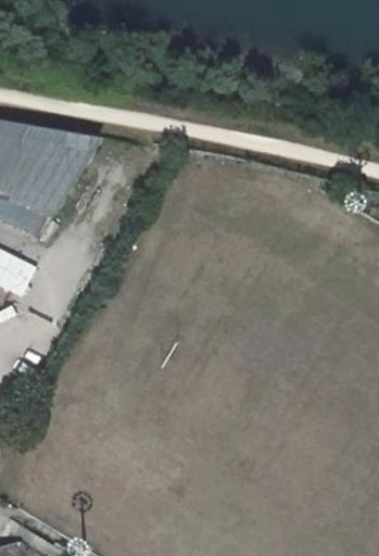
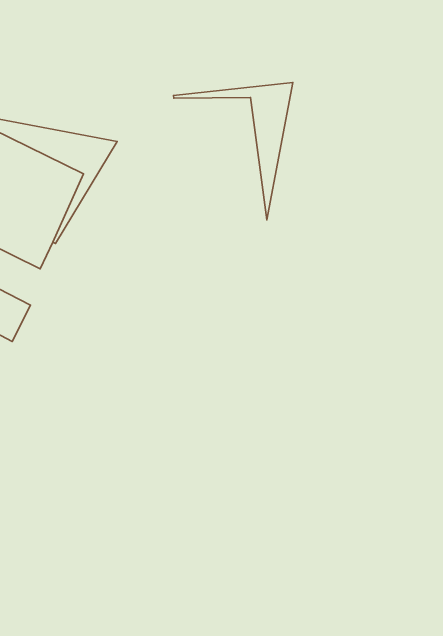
building: none -> [173,82,293,220]

